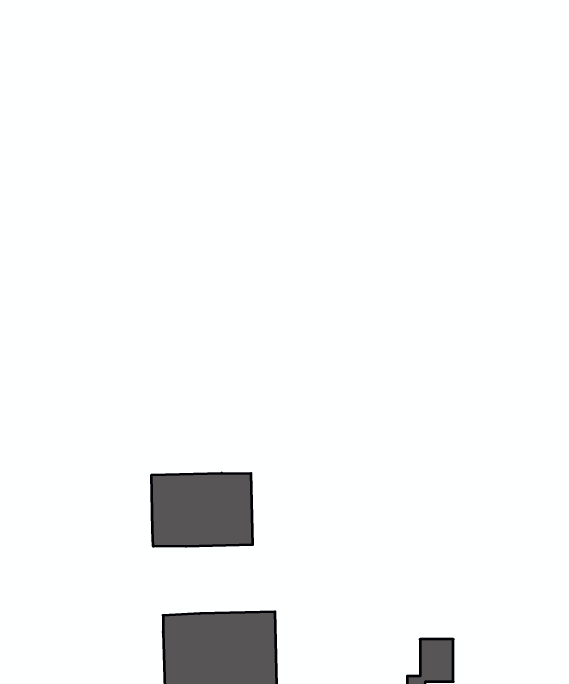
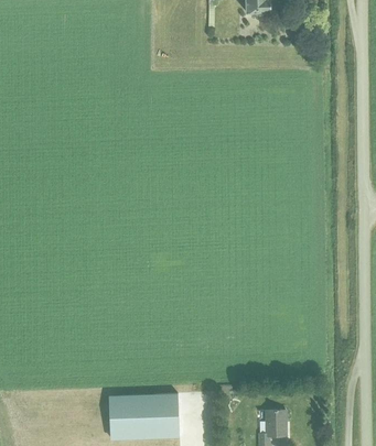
building: [152,473,253,546] -> none

